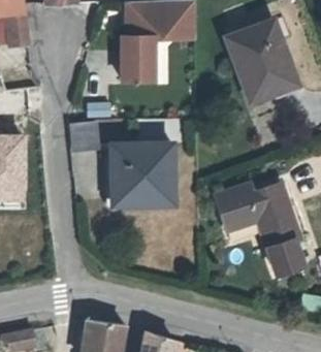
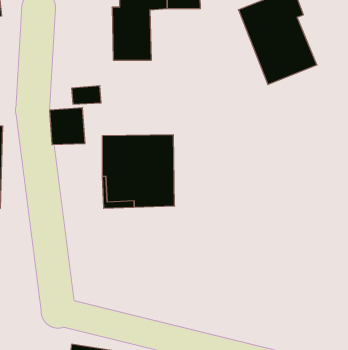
building: [219,183,302,274] -> none

